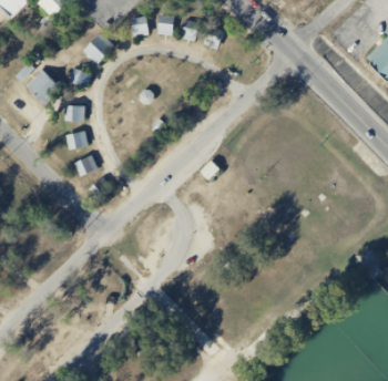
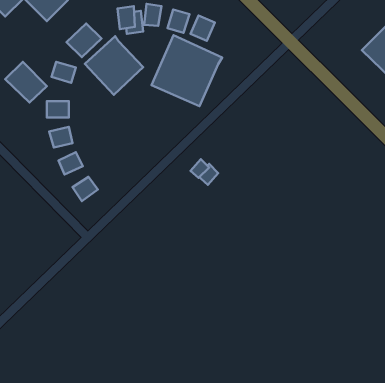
building: none -> [152,35,222,106]
building: none -> [85,36,143,95]

